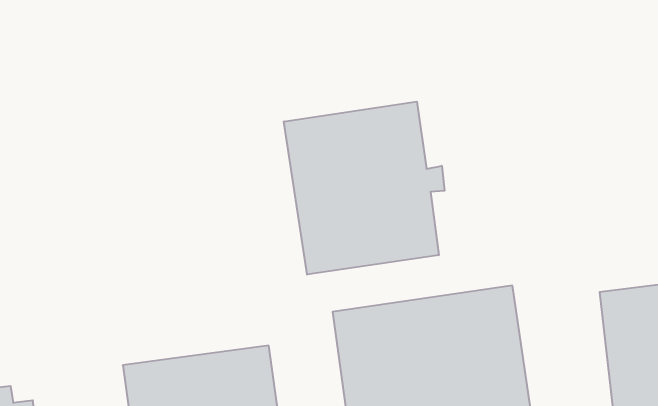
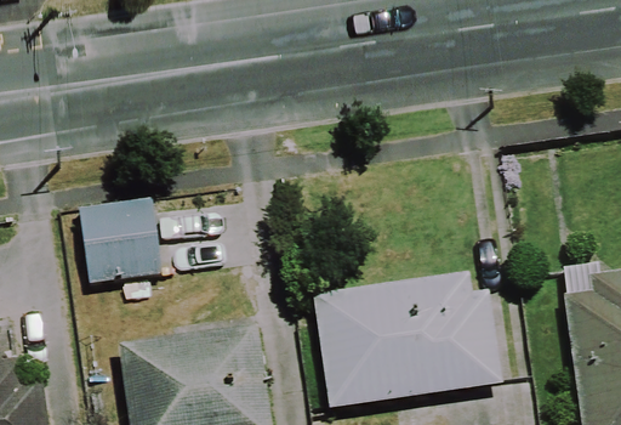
building: [284,102,445,275] -> none
building: none -> [81,204,160,282]

